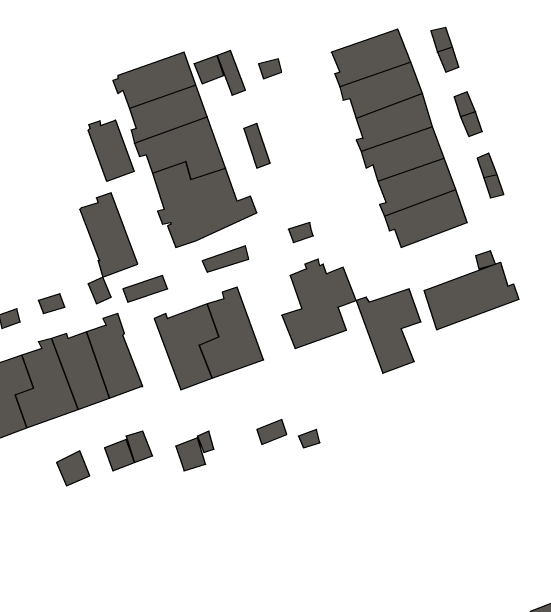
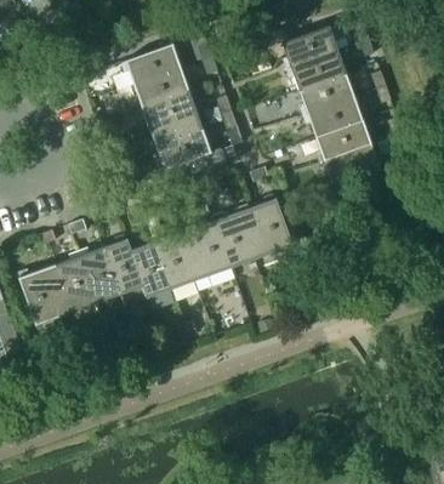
building: [88,120,134,181] -> none
building: [80,193,138,277] -> [129,237,171,298]
building: [424,262,519,330] -> none
building: [356,289,421,373] -> [212,205,260,267]

